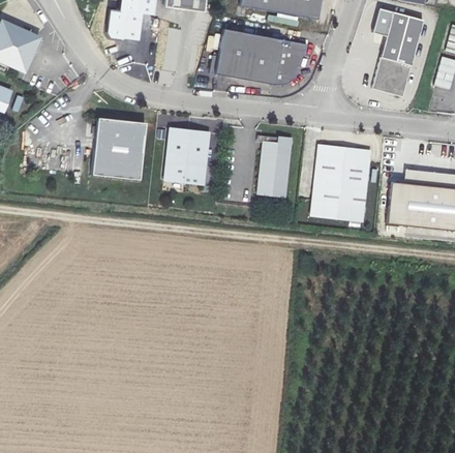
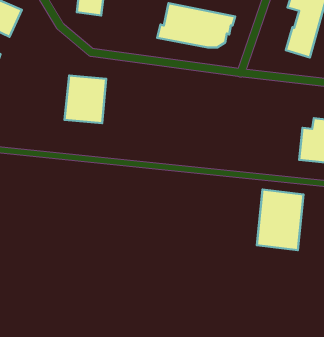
building: [164,129,209,184] -> none
building: [257,138,292,195] -> none
building: [310,146,369,222] -> [257,190,304,250]

